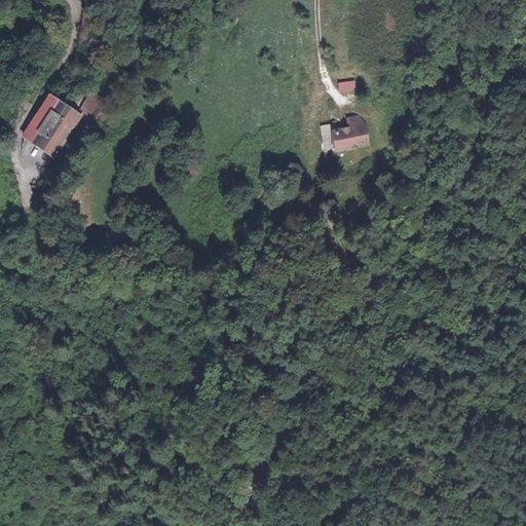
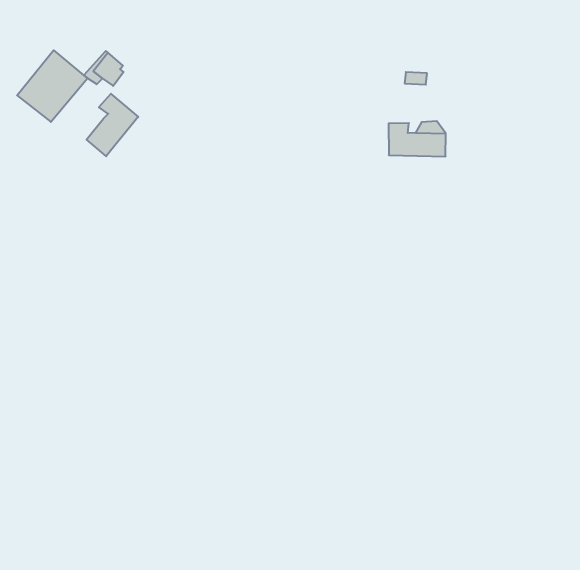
building: none -> [87,94,138,156]

